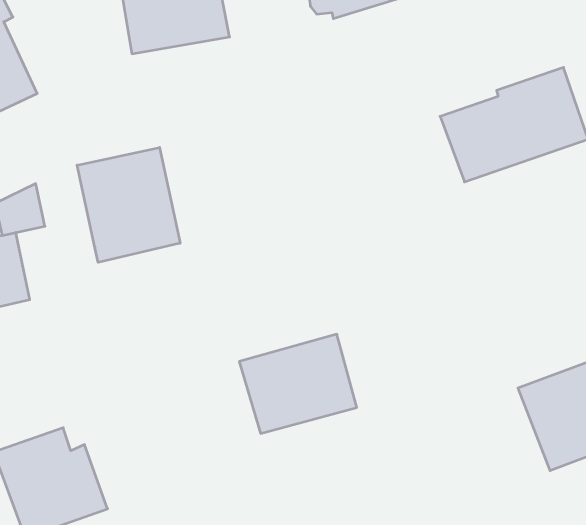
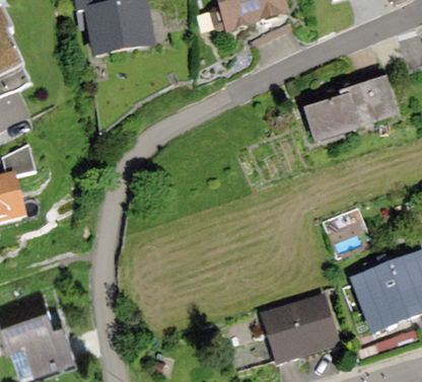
building: [77,147,180,262] -> none
building: [239,334,357,433] -> [262,295,340,361]

